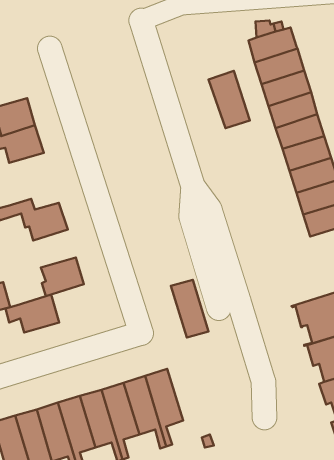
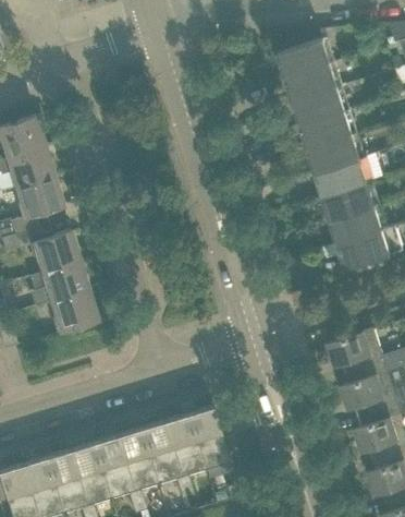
building: [209,71,250,128] -> none
building: none -> [9,176,61,233]
building: [171,280,209,338] -> [187,406,229,469]
building: [5,295,59,332] -> [28,260,87,301]

